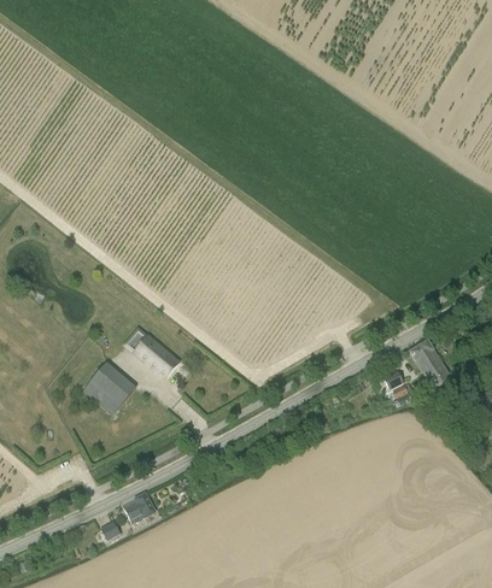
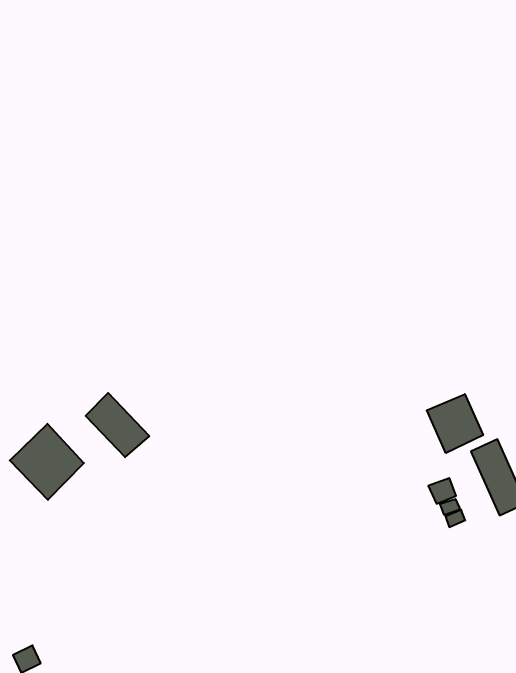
building: none -> [427,394,483,453]
building: [122,493,154,523] -> none

